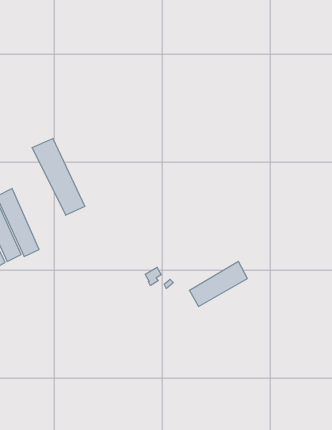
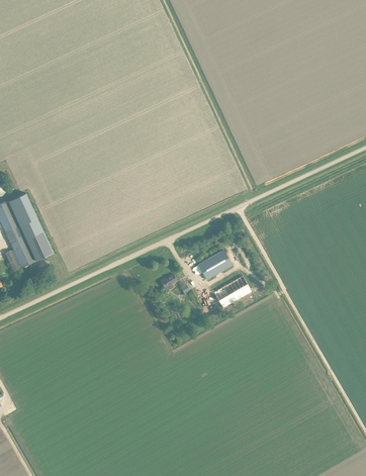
building: [32,138,85,215] -> none
building: none -> [198,251,233,280]

